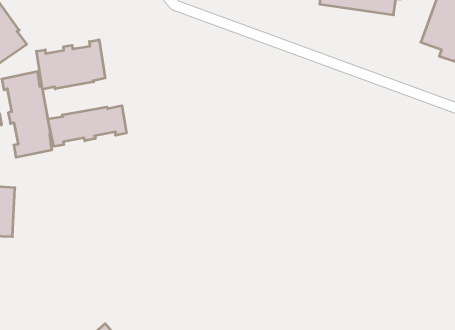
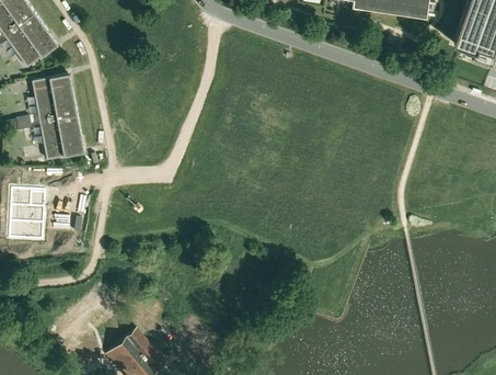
building: [36,40,105,89] -> none
building: [48,106,126,146] -> none

